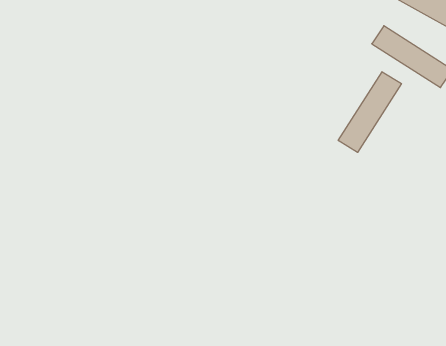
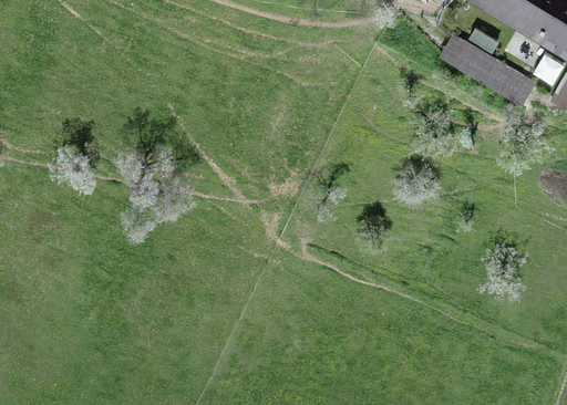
building: [338,72,401,152] -> none

